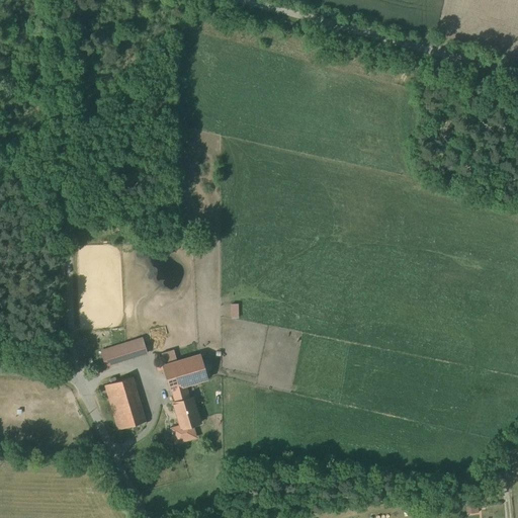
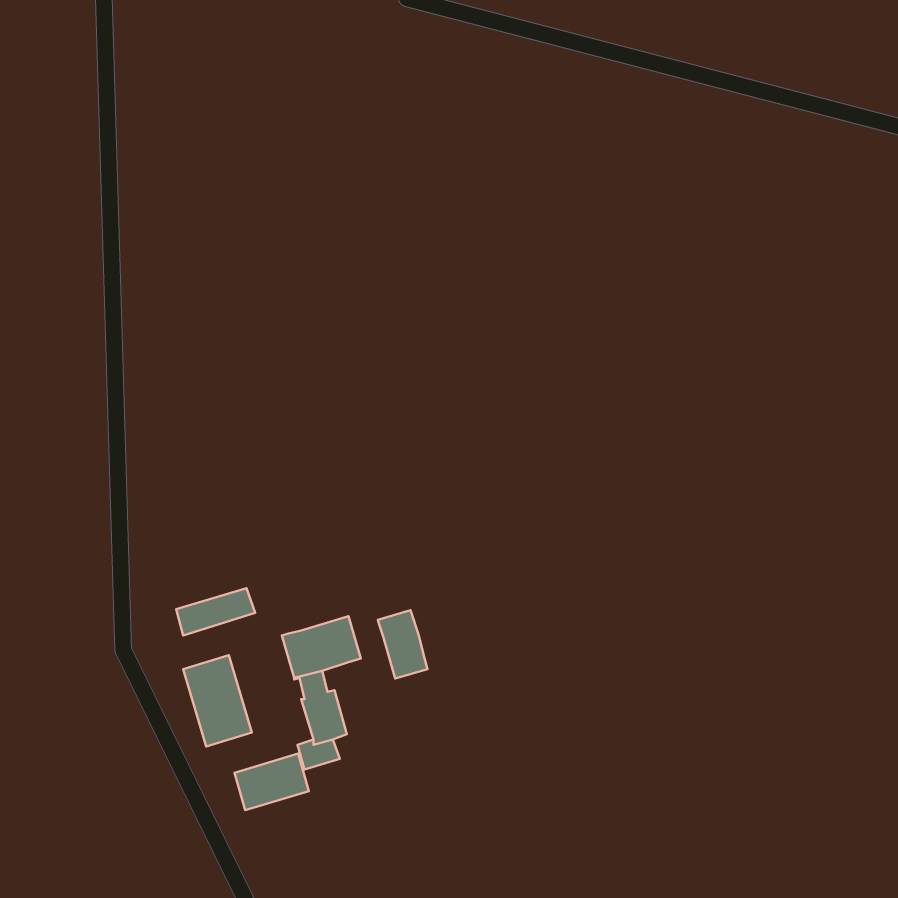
building: none -> [378,610,428,679]
building: none -> [234,754,309,810]

